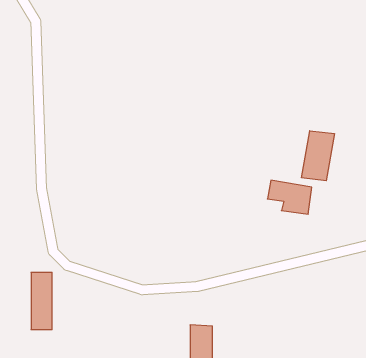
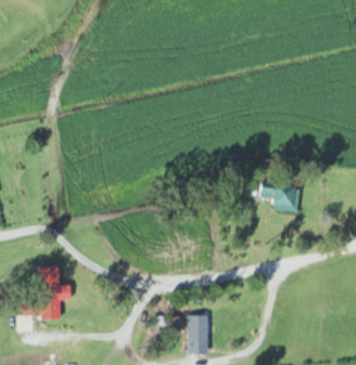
building: [302,131,334,181] -> none

